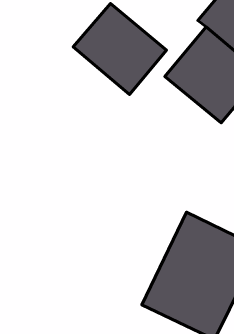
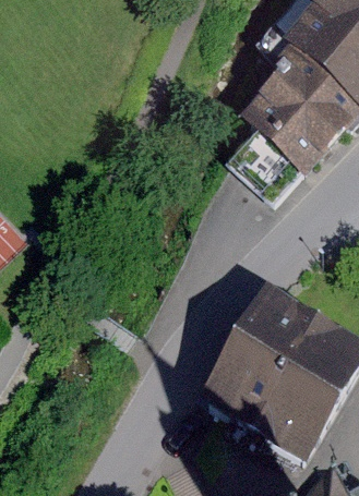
building: [73,3,167,95] -> none

